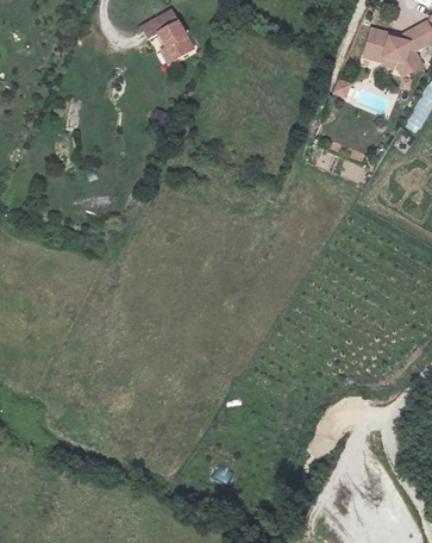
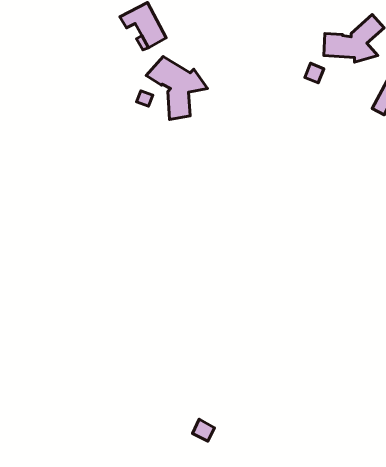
building: none -> [146,56,207,120]

